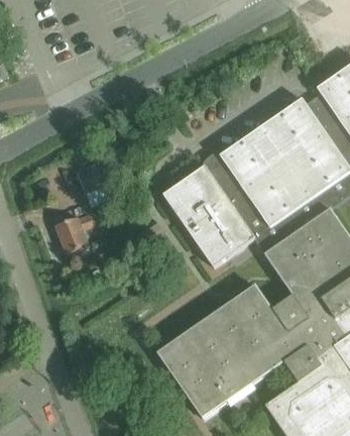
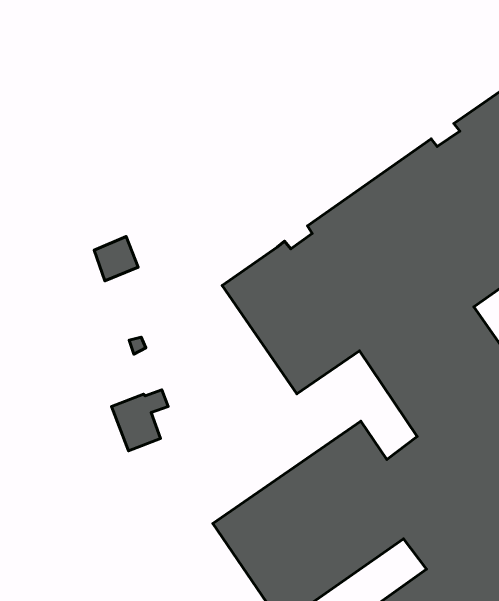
building: [55,214,93,254] -> [112,390,168,451]

